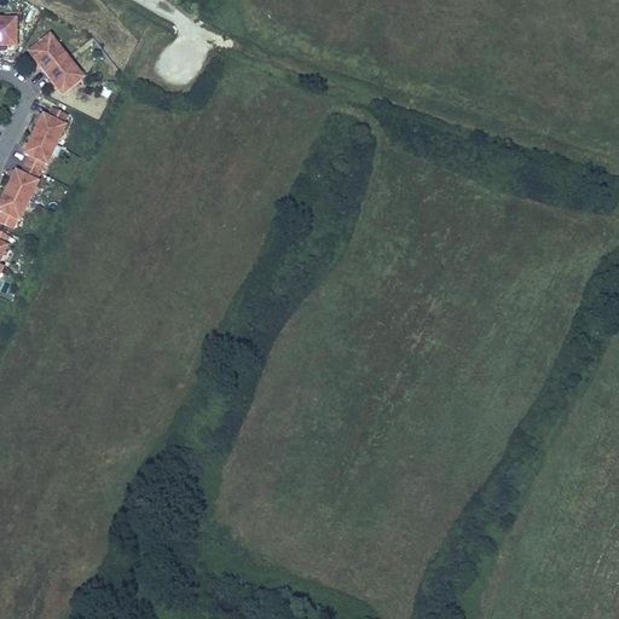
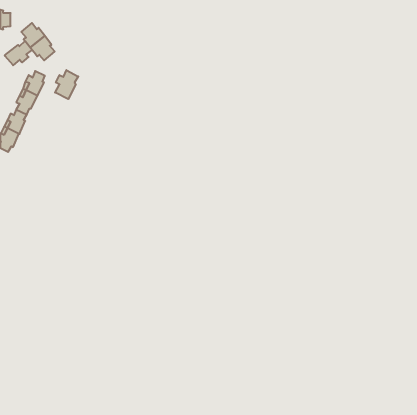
building: none -> [5,41,32,65]
building: none -> [55,70,78,99]

